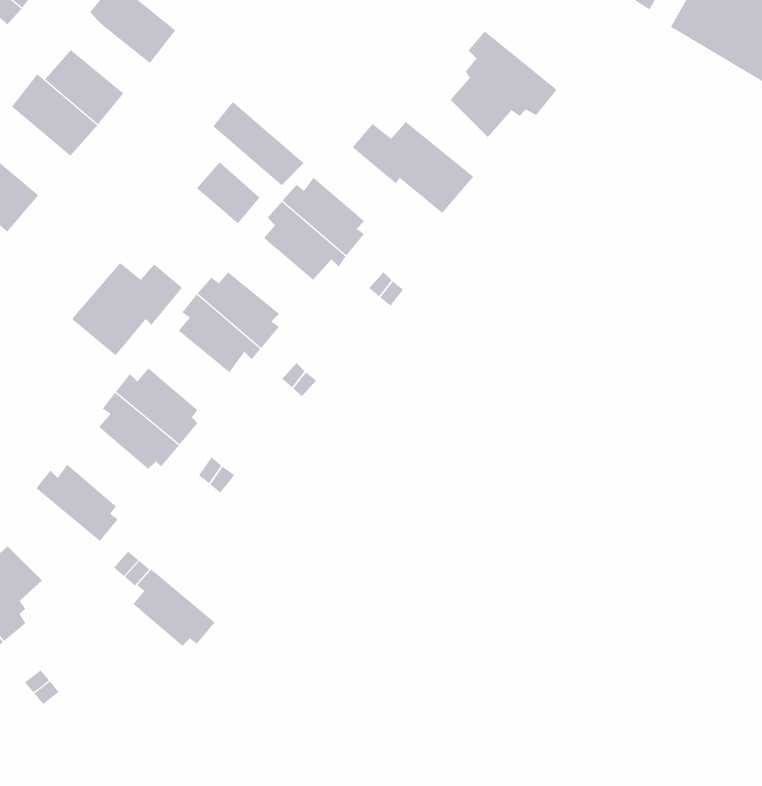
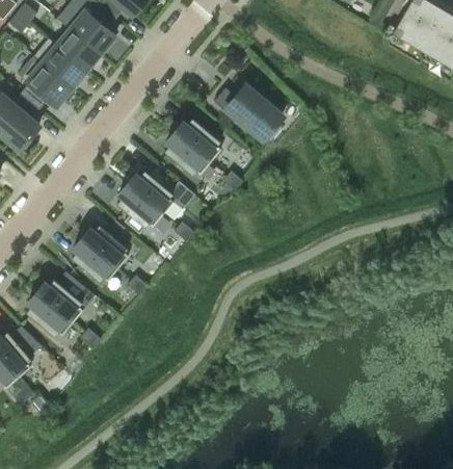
building: none -> [56,25,101,71]
building: [450,30,558,138] -> none
building: [212,101,305,186] -> none
building: [196,162,260,229] -> none
building: [71,262,183,356] -> none
building: [132,569,216,646] -> [26,292,73,336]

